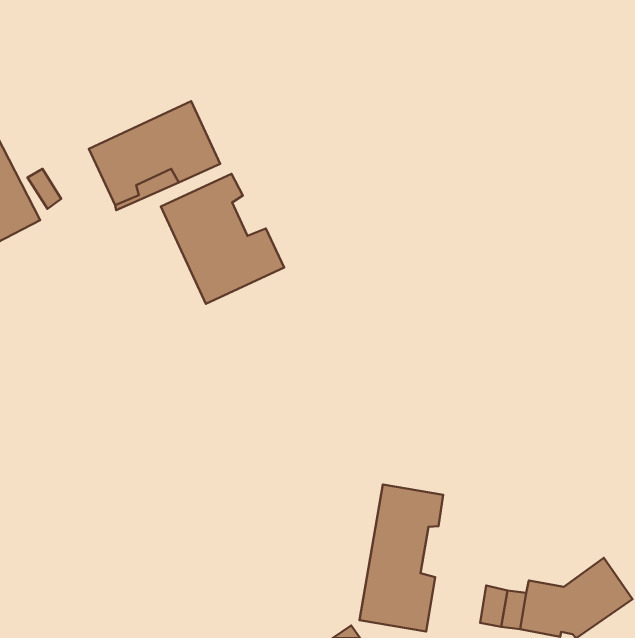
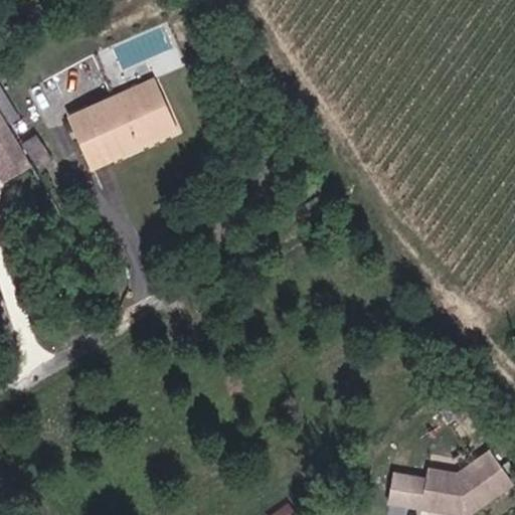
building: [161,174,284,304] -> none
building: [360,484,443,632] -> none

